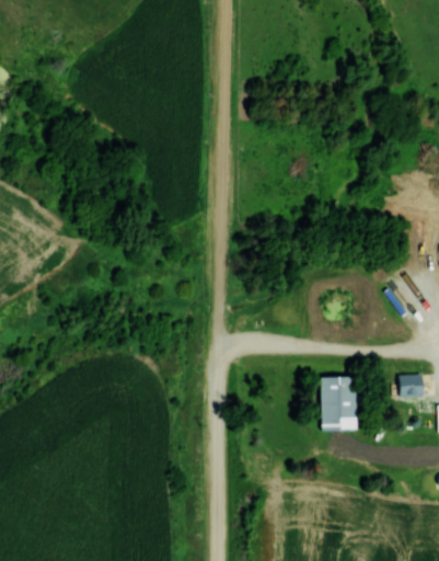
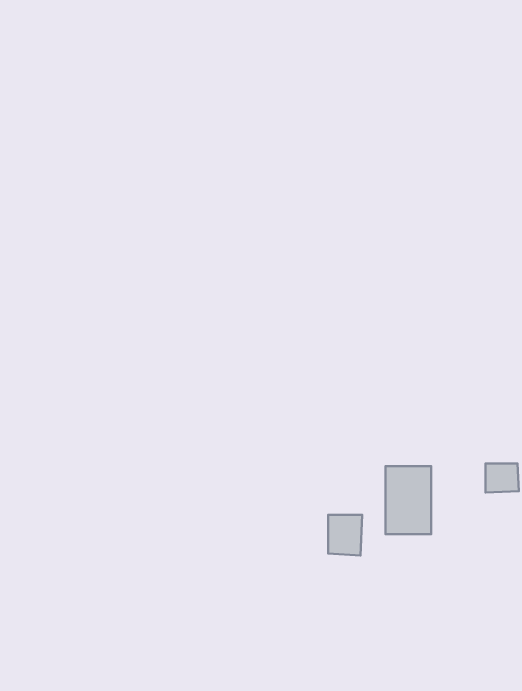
building: none -> [328,515,362,555]

